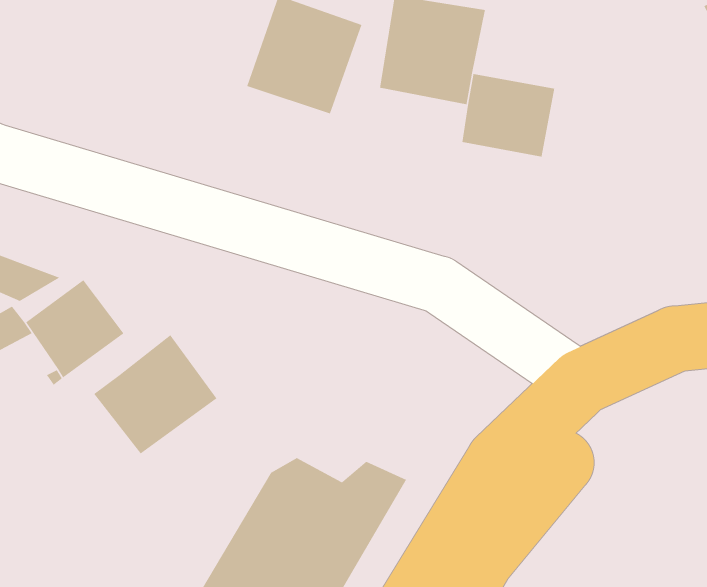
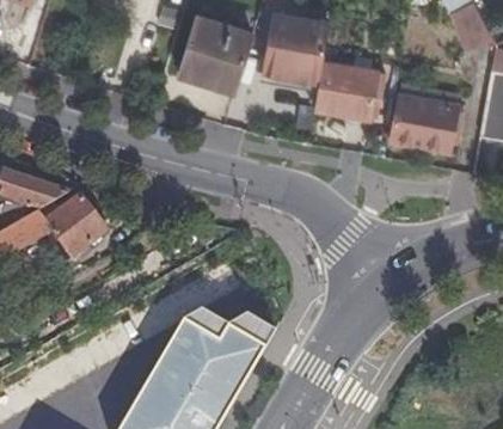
building: none -> [391,96,455,149]
building: [93,334,217,454] -> none

